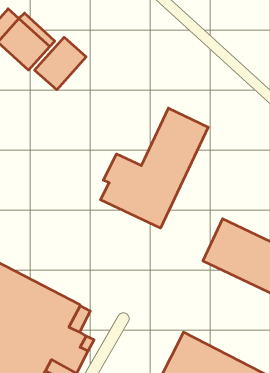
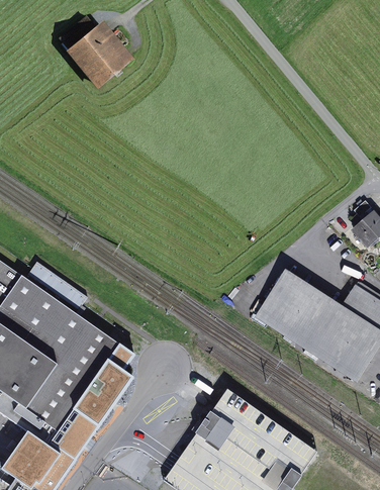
building: [35,37,86,90] -> none
building: [100,108,208,228] -> none

